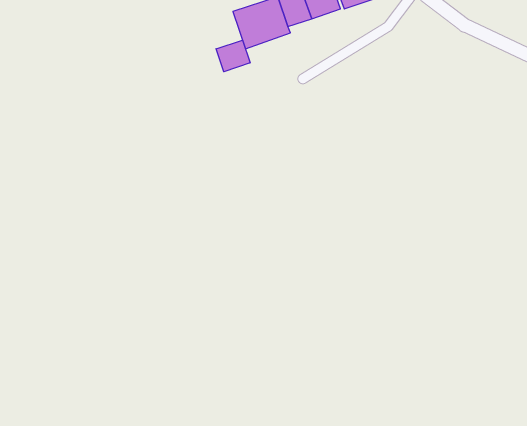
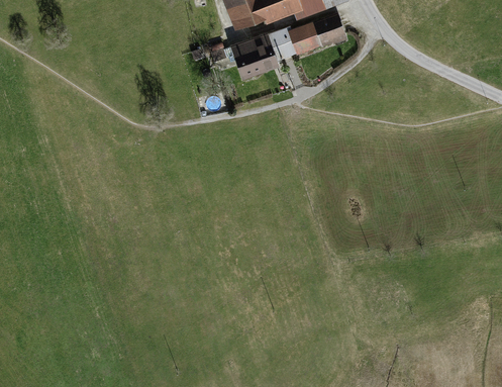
building: [216,40,250,72] -> none

